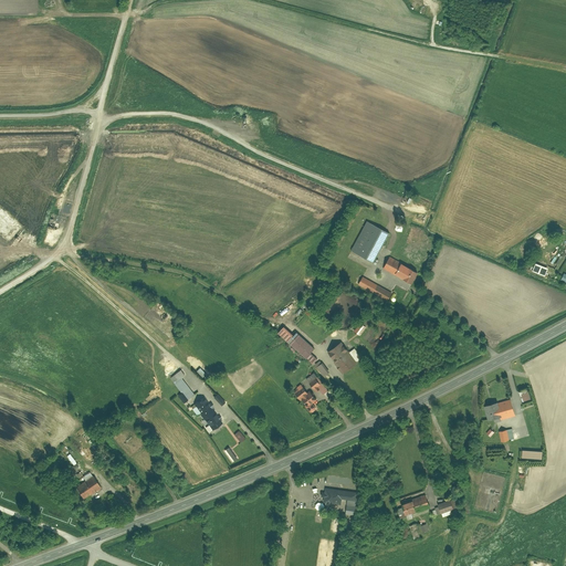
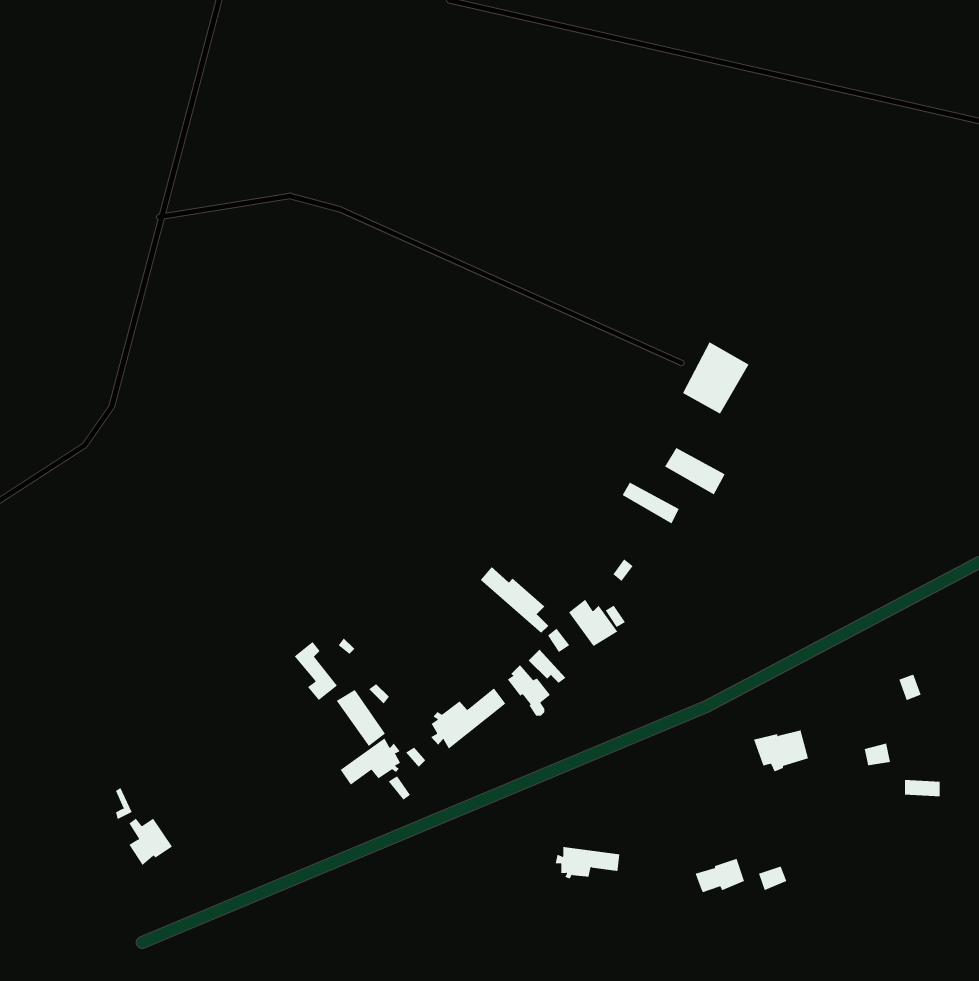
building: [350,221,389,263] -> [682,341,749,414]
building: none -> [430,687,506,750]
building: [482,399,514,423] -> [753,730,809,772]
building: none -> [340,738,401,786]

